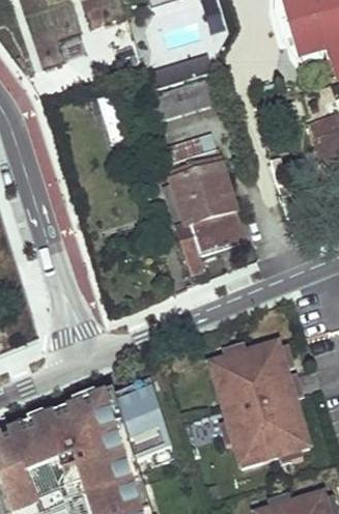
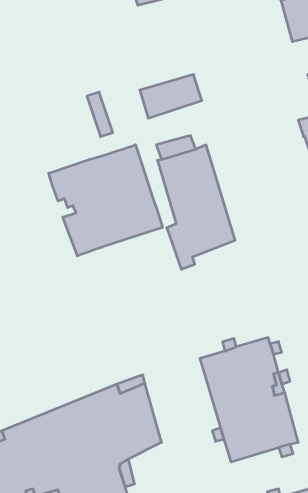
building: none -> [49,145,162,256]

